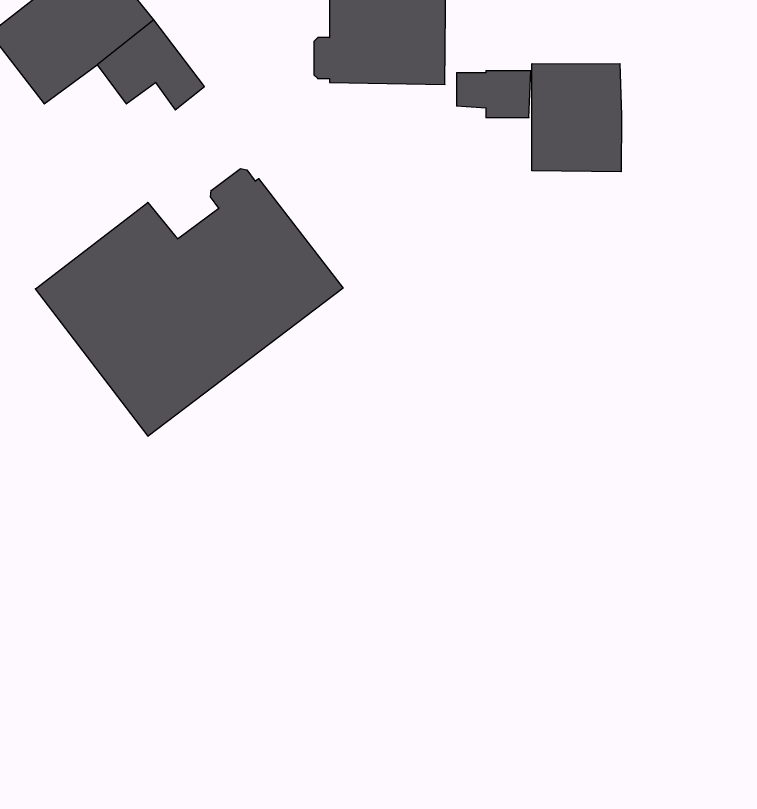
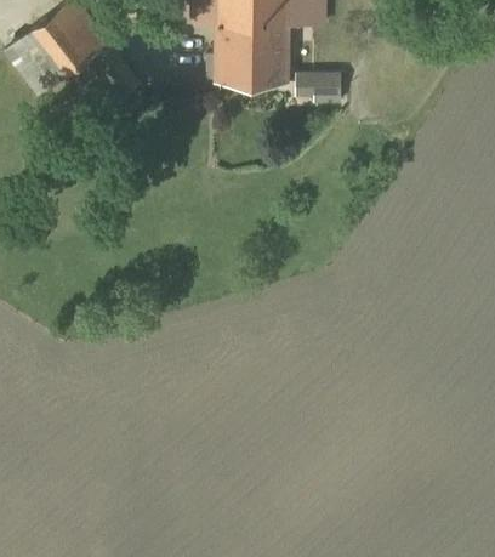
building: [532,64,622,172] -> none
building: [35,169,343,436] -> none

